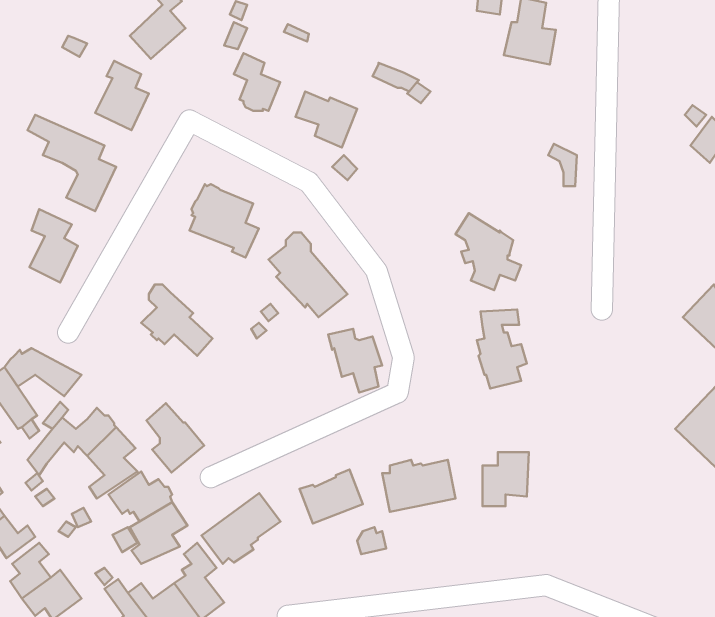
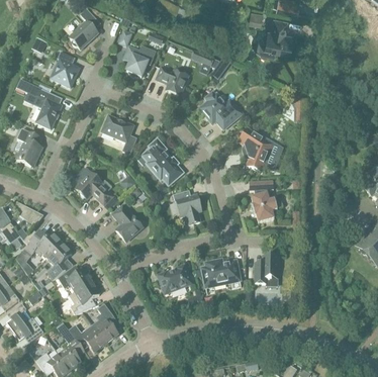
building: none -> [200,92,243,129]
building: [146,403,204,473] -> [113,205,144,242]
building: [202,493,280,564] -> none

